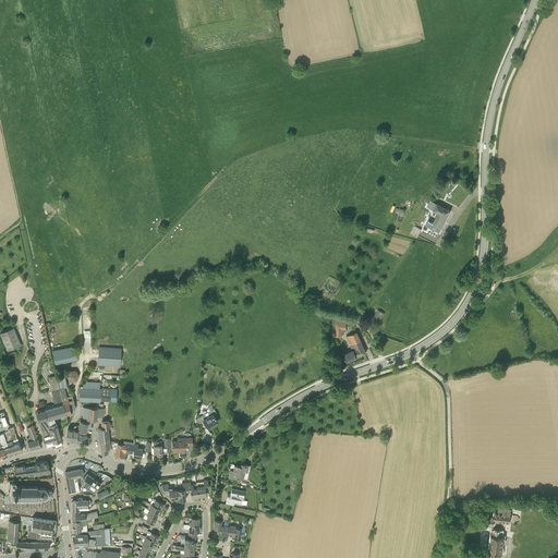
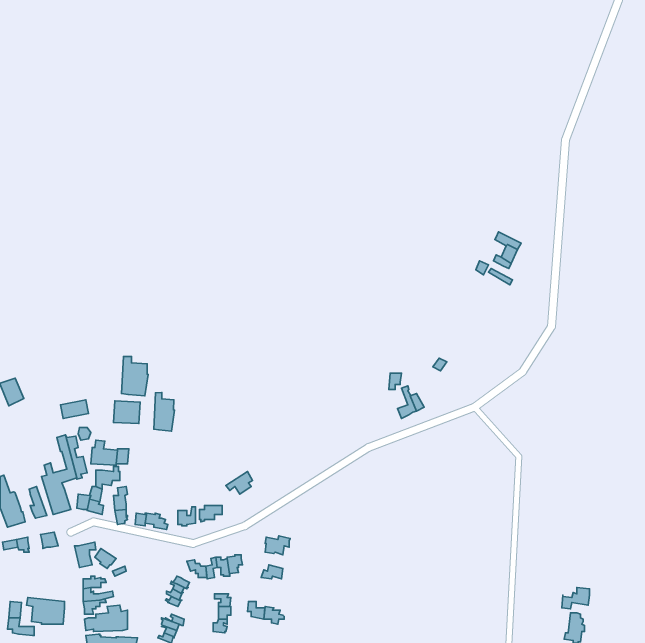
building: none -> [122,356,148,396]
building: none -> [154,393,174,431]
building: [9,481,52,502] -> none

